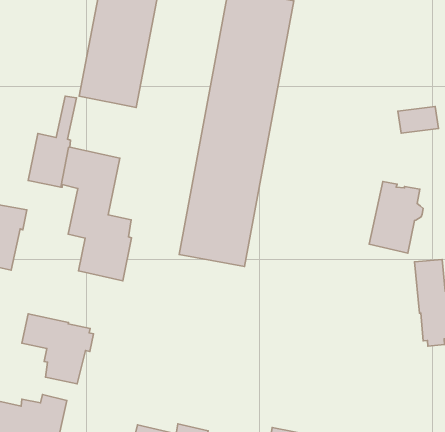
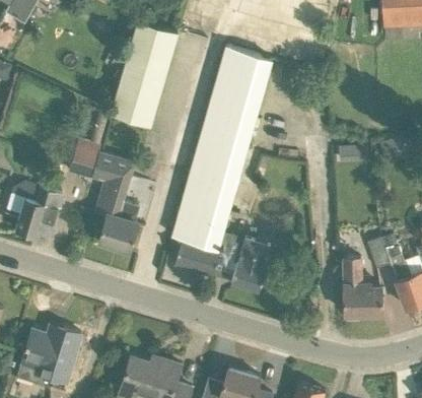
building: [369,181,423,253] -> [231,236,273,289]
building: none -> [174,240,221,275]
building: [22,314,94,384] -> none

